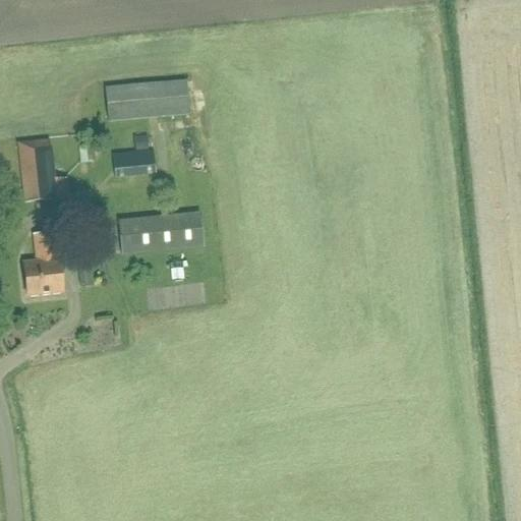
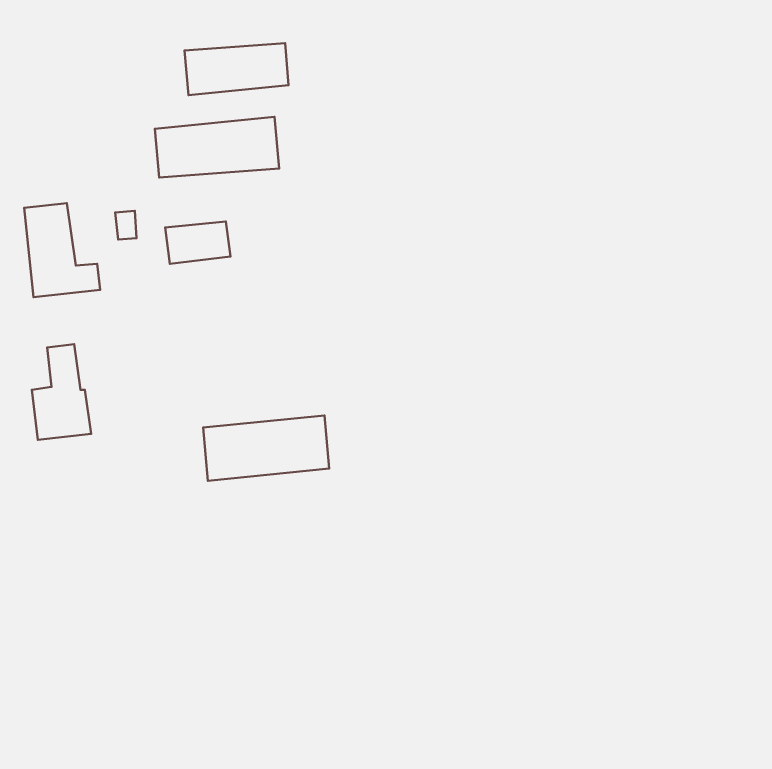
building: none -> [185,43,289,95]
building: [119,211,204,254] -> [203,415,329,481]

